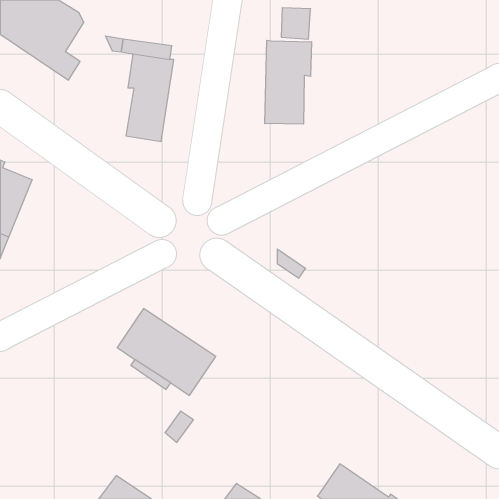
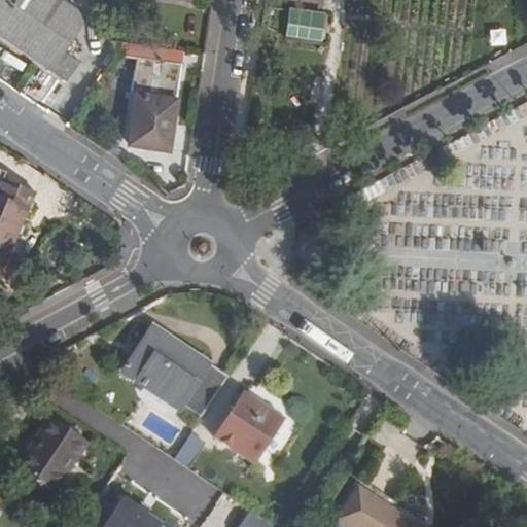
building: [265,40,312,124] -> none
building: none -> [214,393,281,462]
building: none -> [15,418,86,492]

